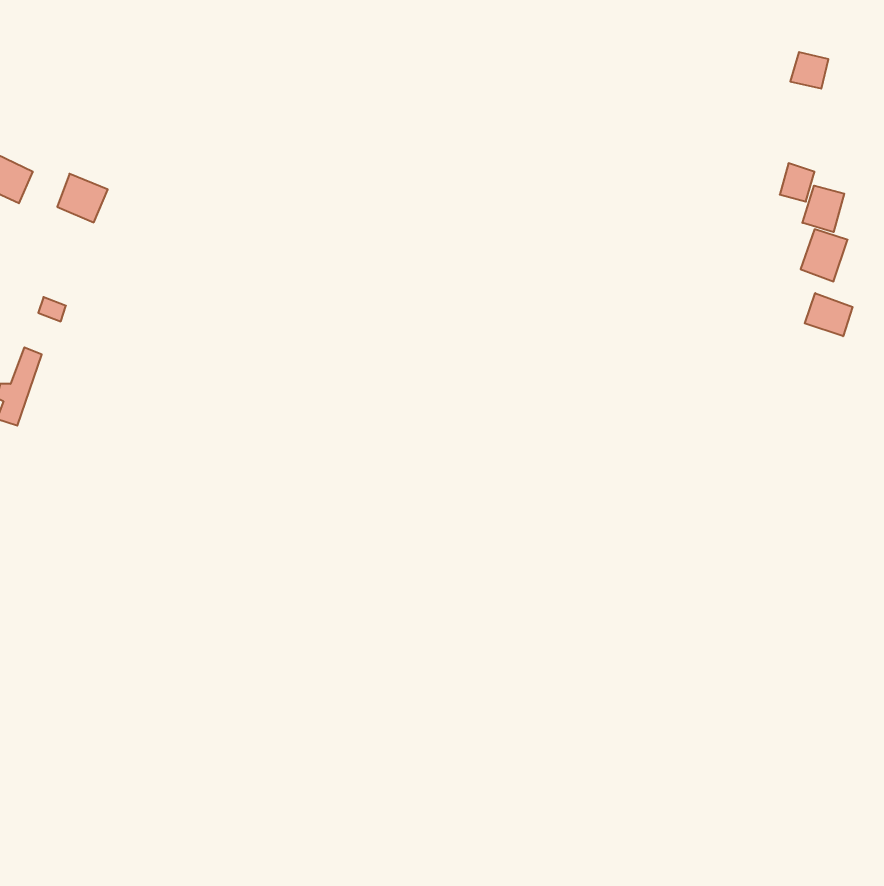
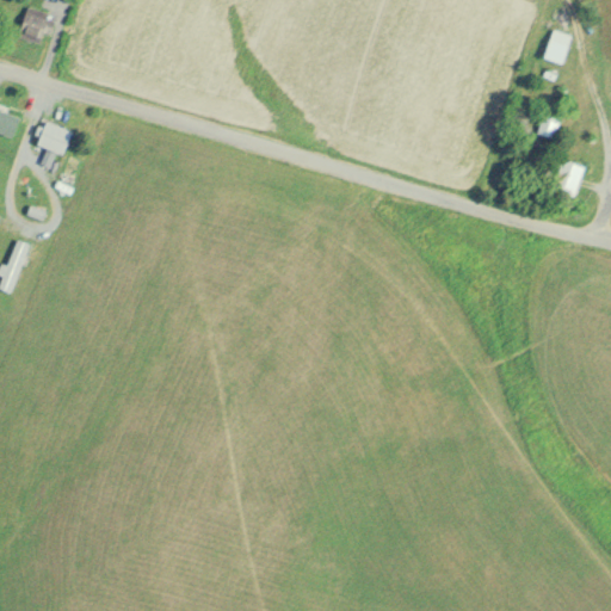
building: none -> [18,7,55,44]
building: [802,186,844,232] -> none
building: [805,293,853,336] -> none

